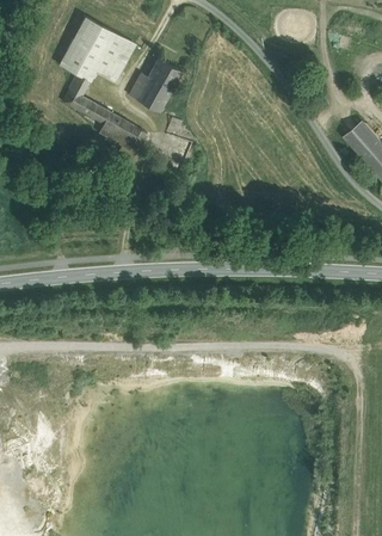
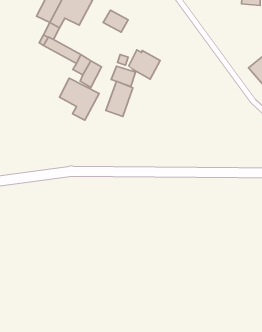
building: [131,73,173,112] -> [129,50,160,79]
building: none -> [59,78,99,120]
building: none -> [106,81,133,116]

